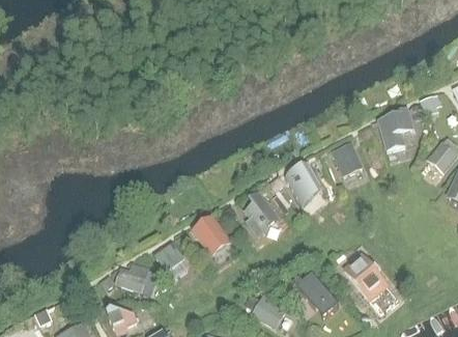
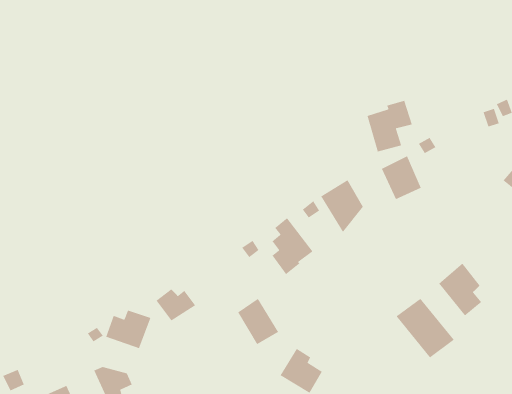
building: [378,109,414,150] -> [367,100,413,153]
building: [196,221,229,258] -> [237,298,279,345]
building: none -> [438,262,482,317]
building: [292,272,332,309] -> none

